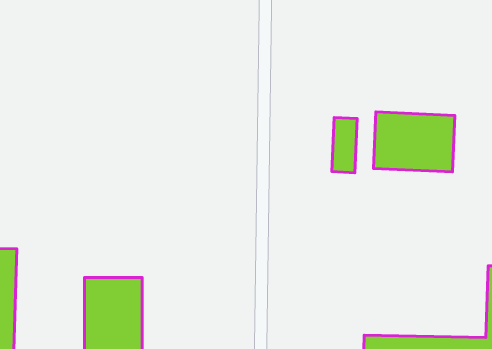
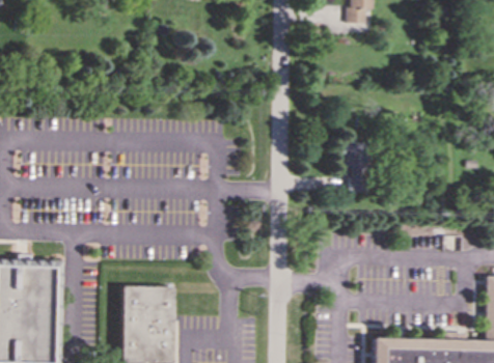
building: [373,112,455,172] -> none

